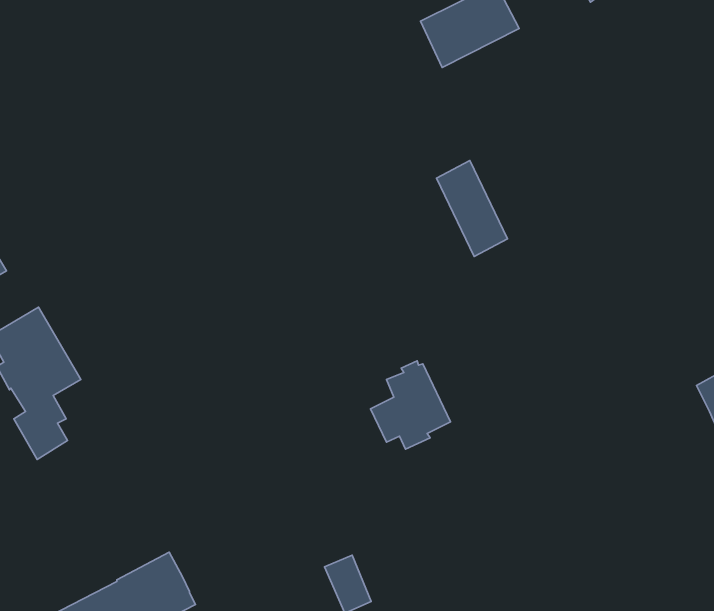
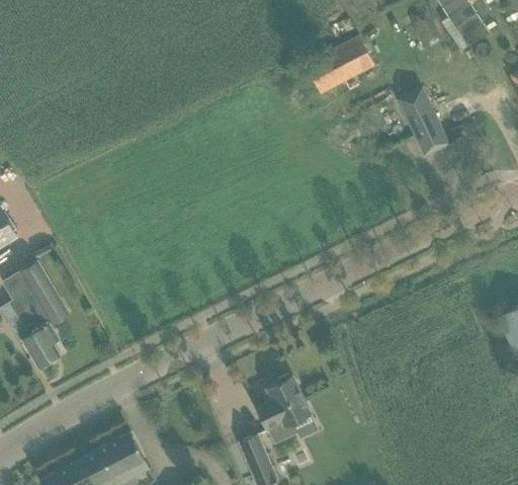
building: [436,161,508,256] -> [399,88,448,155]
building: [371,361,450,449] -> [256,375,312,436]

